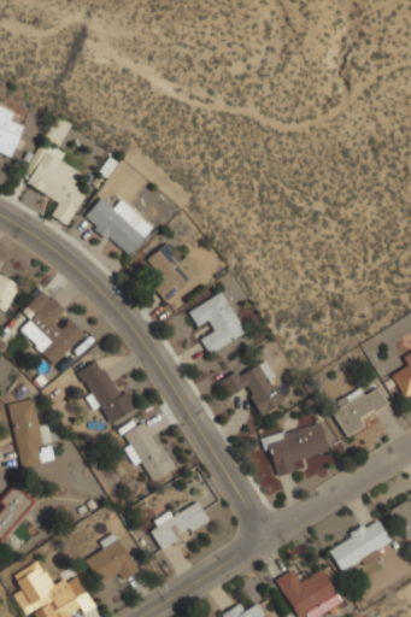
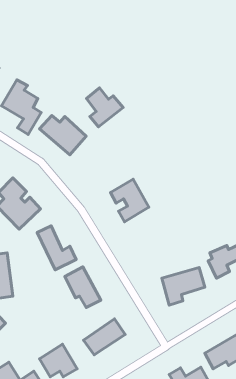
building: [148,243,202,301] -> [86,88,123,127]
building: [219,360,286,415] -> none

